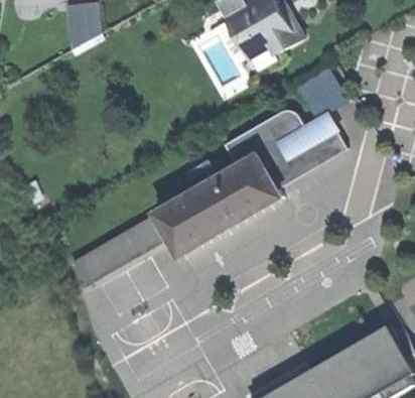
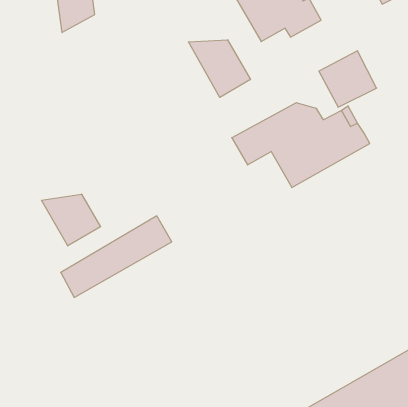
building: none -> [188,40,250,97]
building: [157,155,282,254] -> none
building: none -> [42,194,101,246]

